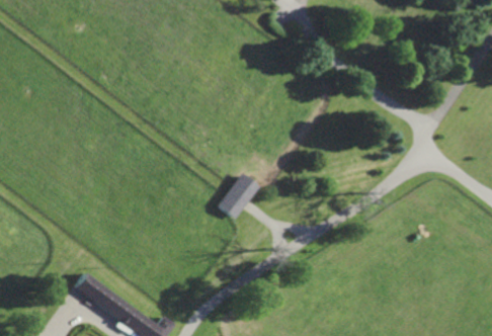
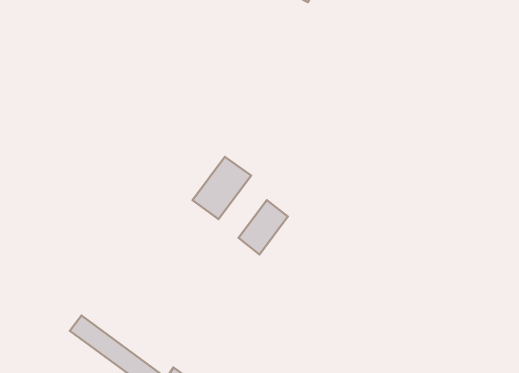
building: none -> [192,157,251,219]

